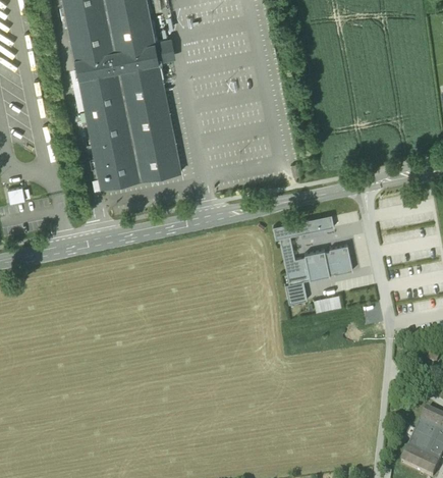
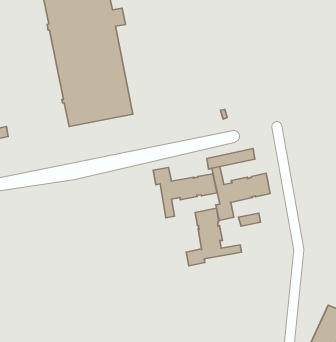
building: none -> [153,167,217,218]
building: none -> [186,208,242,266]

